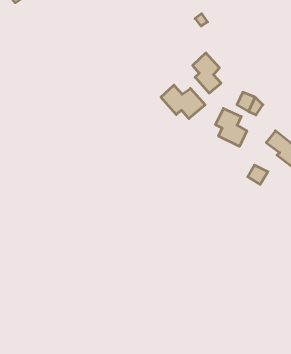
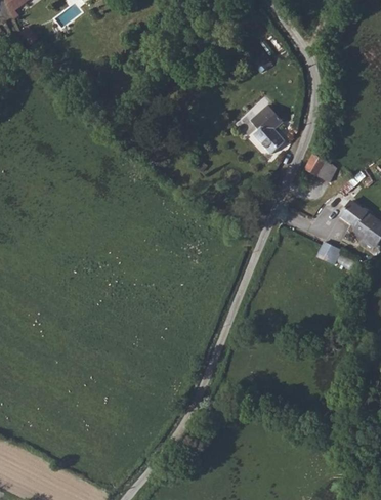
building: [161,85,205,119] -> none
building: [216,108,247,146] -> none

